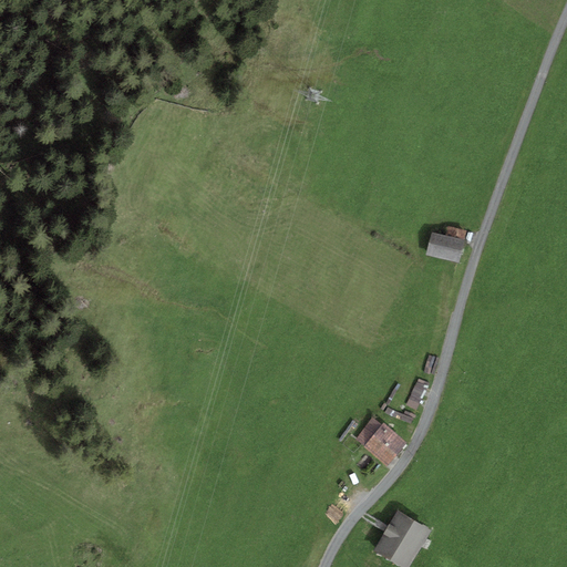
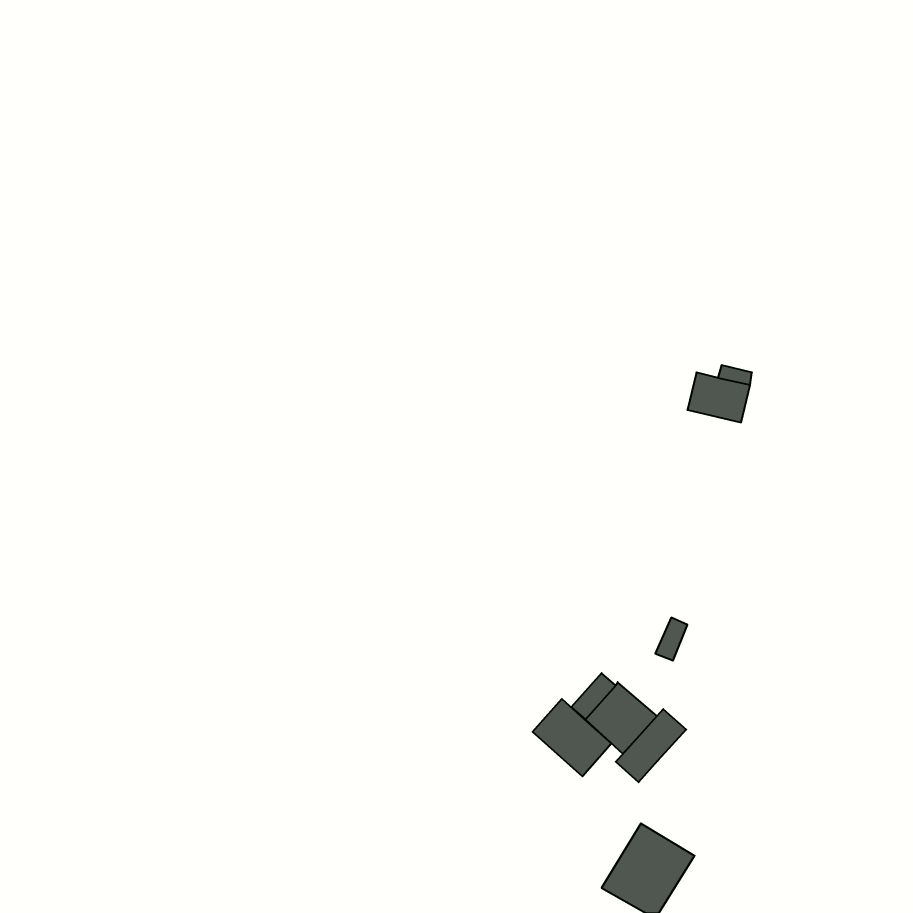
building: none -> [533,699,612,776]
building: none -> [616,709,686,782]

